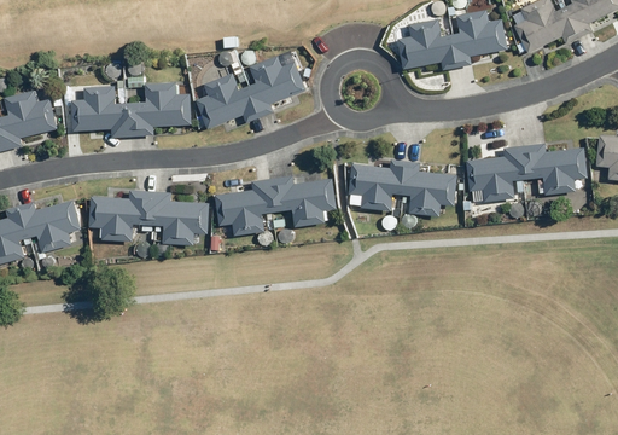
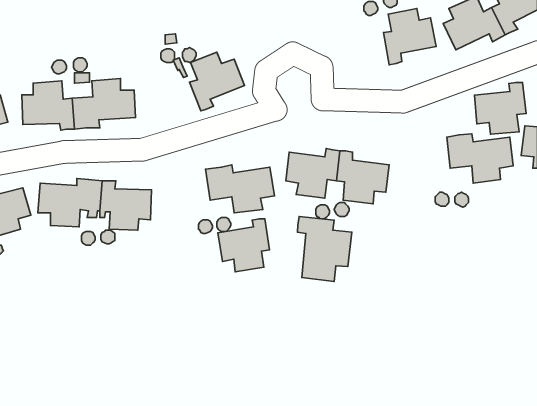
building: [398,19,457,71] -> none
building: [194,74,260,130] -> none
building: [467,145,521,199] -> [474,82,526,134]
building: [215,179,269,234] -> [218,219,270,272]
building: none -> [298,217,352,281]

